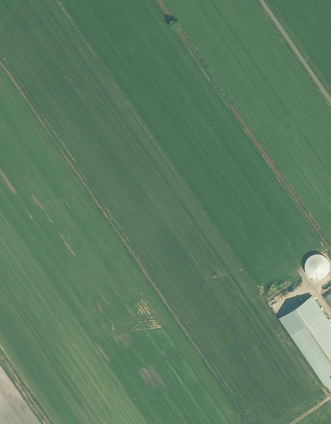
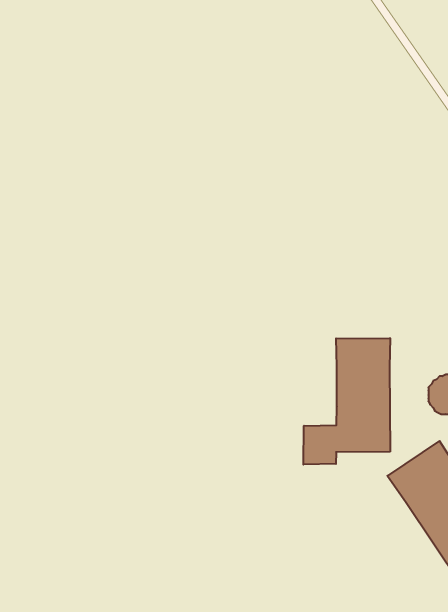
building: none -> [303,338,390,465]

